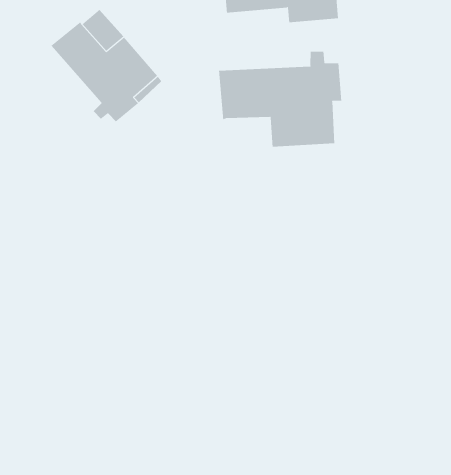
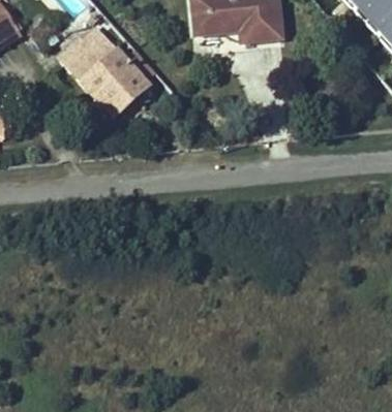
building: [218,51,342,148] -> none

